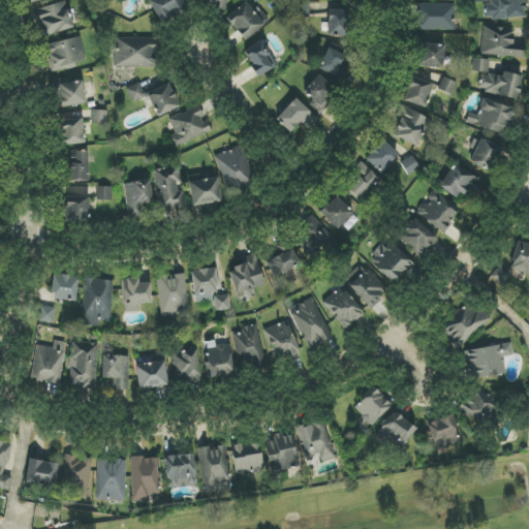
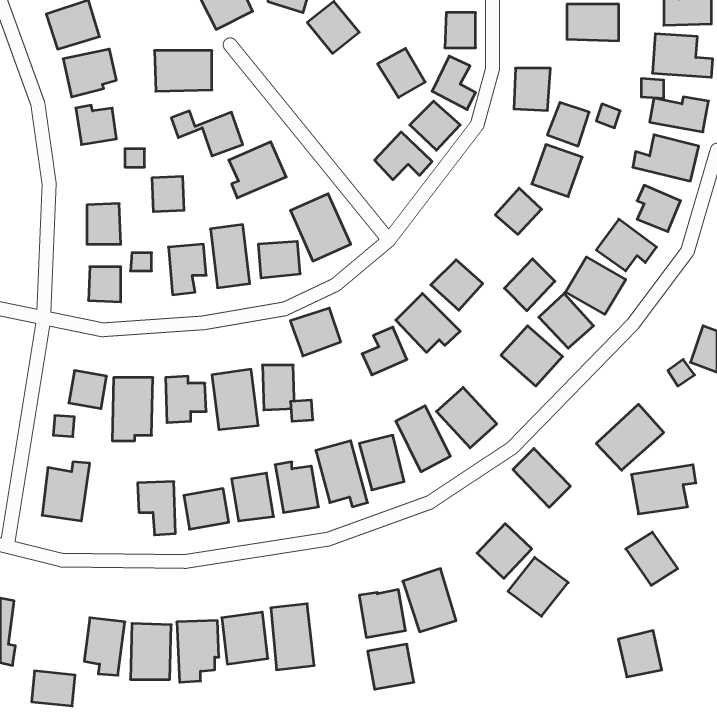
building: [417,36,444,67] -> [514,68,550,110]
building: [243,39,278,75] -> [378,48,425,98]
building: [60,118,84,144] -> [152,176,184,212]
building: [342,162,379,200] -> [504,259,555,311]
building: [227,258,264,293] -> [290,308,341,356]
building: [344,263,386,307] -> [513,448,570,507]
building: [70,342,96,386] -> none
building: [428,414,460,448] -> [618,631,662,677]
building: [230,441,264,474] -> [368,644,414,689]
building: [26,459,58,485] -> [32,671,75,706]

